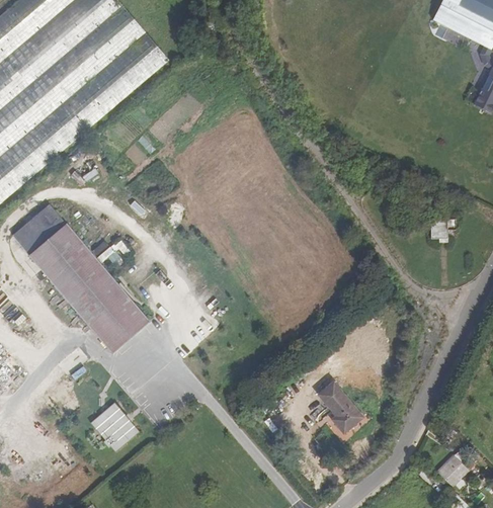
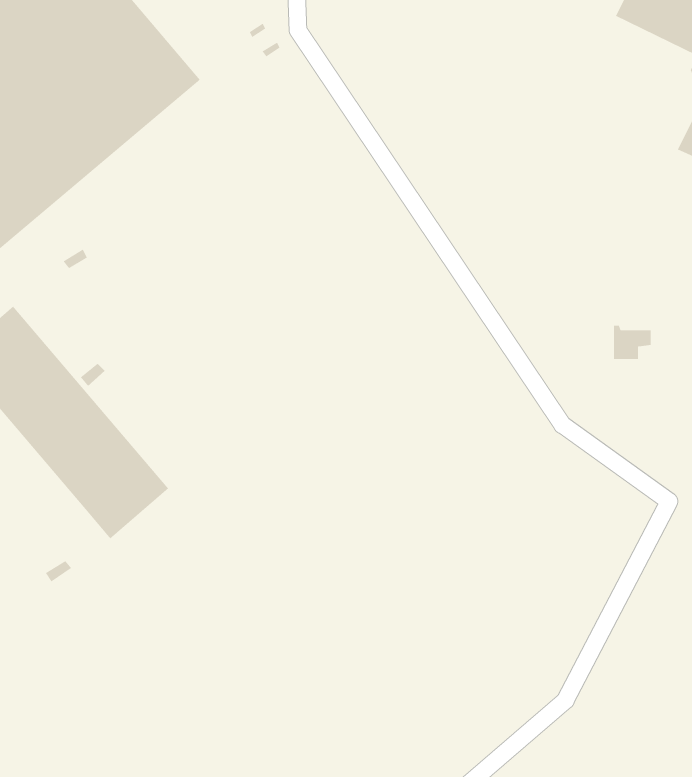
building: [319,383,361,432] -> none
building: [89,401,139,451] -> none
building: [437,454,469,486] -> none

